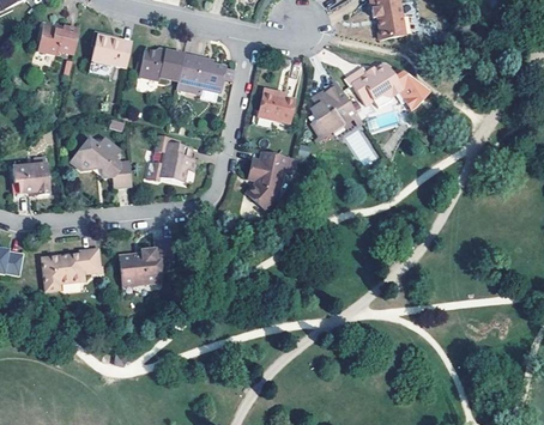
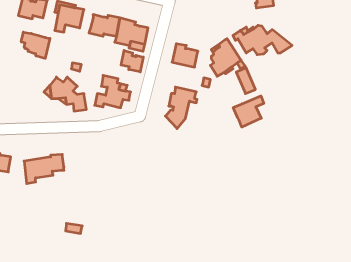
building: none -> [21,32,50,58]
building: none -> [121,50,143,72]
building: [14,164,50,195] -> none
building: none -> [233,96,264,127]
building: [121,238,175,285] -> none

